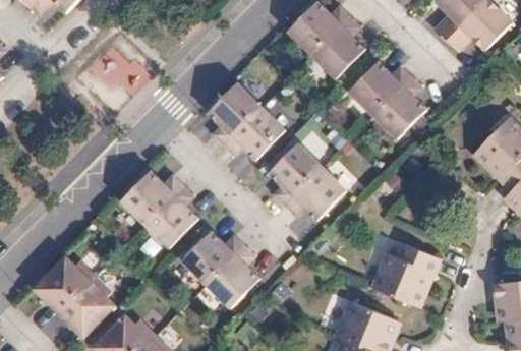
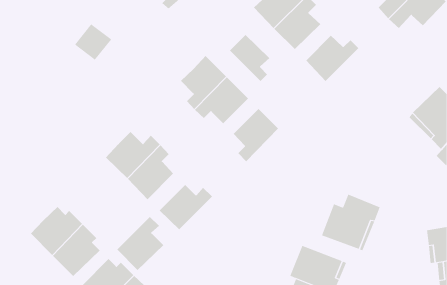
building: none -> [229,34,270,82]
building: [375,74,431,138] -> none
building: [284,167,347,222] -> none
building: [207,245,262,308] -> [116,216,164,271]

